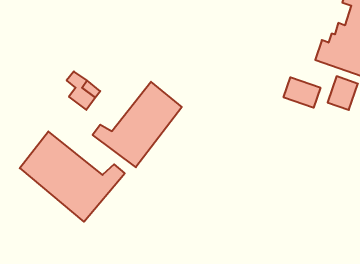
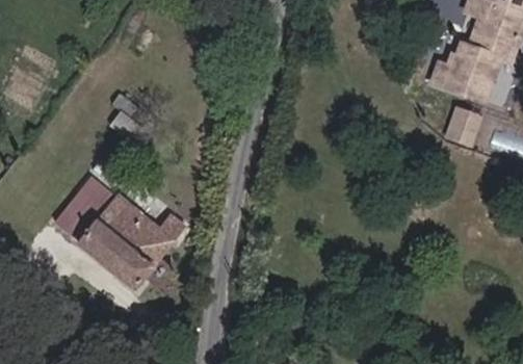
building: [284,77,320,108] -> none
building: [93,82,182,167] -> none

